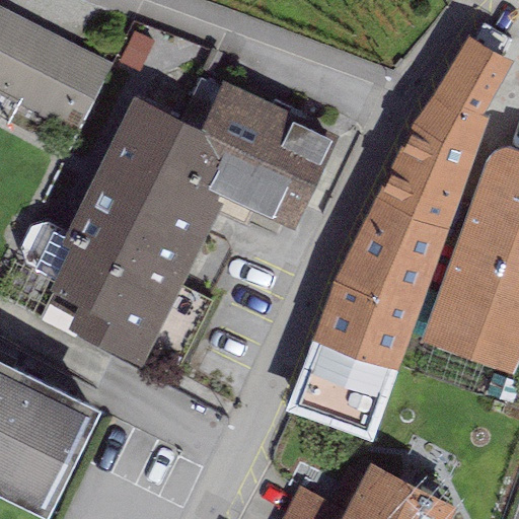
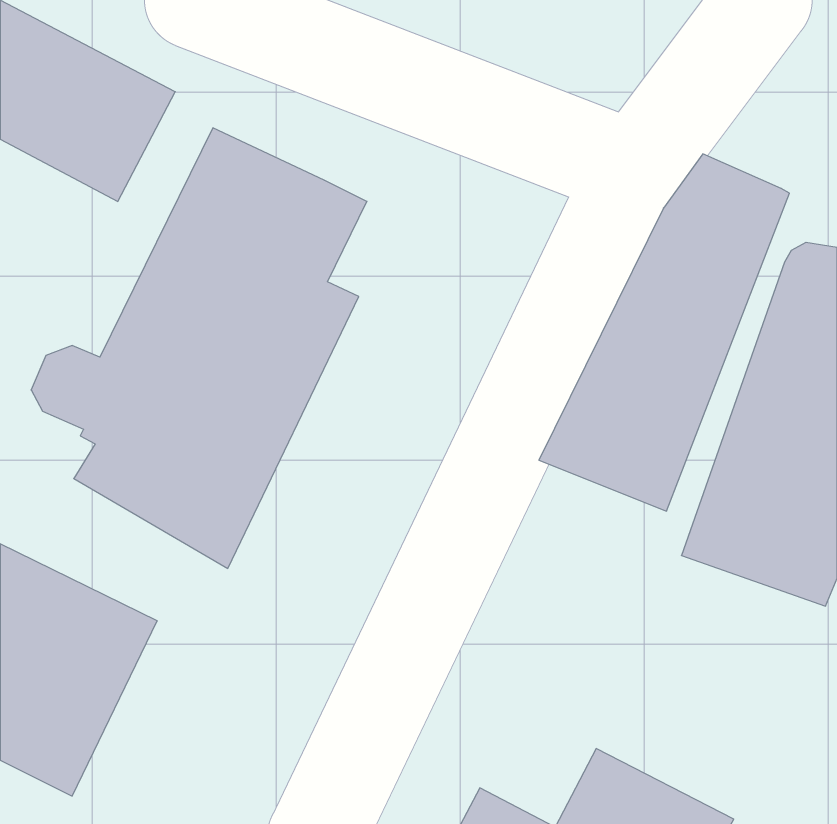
building: [435,47,513,125] -> none
building: [201,75,337,226] -> none
building: [285,293,413,450] -> none

